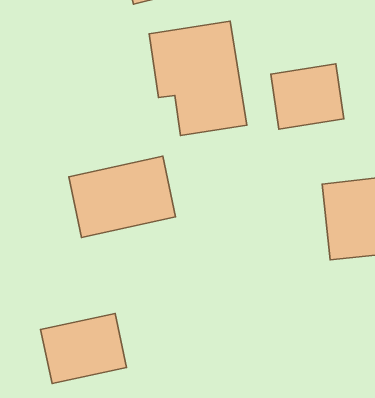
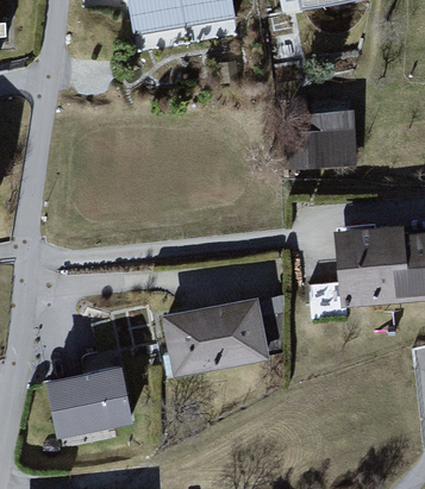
building: [149,21,247,135] -> none
building: [69,156,175,237] -> [161,296,271,381]

